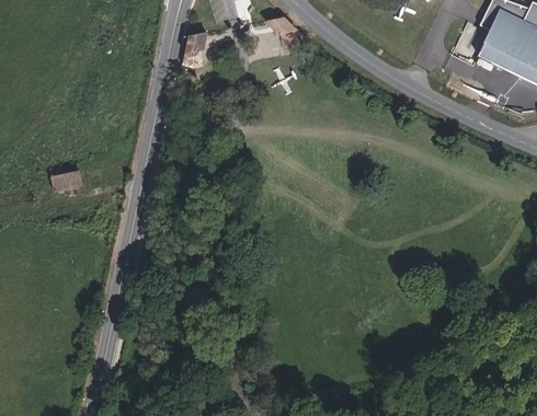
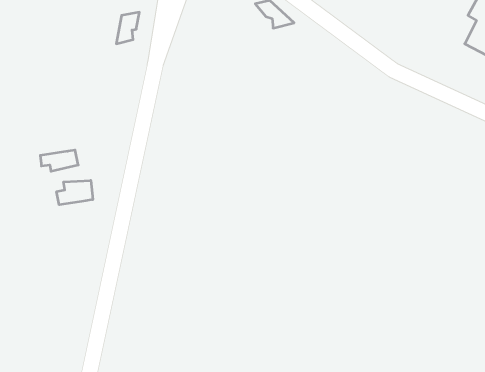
building: [181,31,205,63] -> [116,12,139,44]
building: none -> [57,180,93,205]

